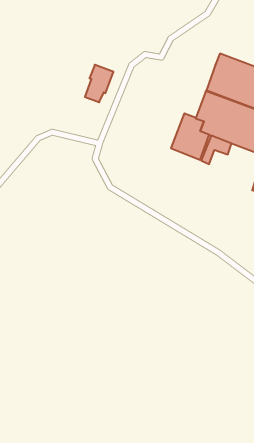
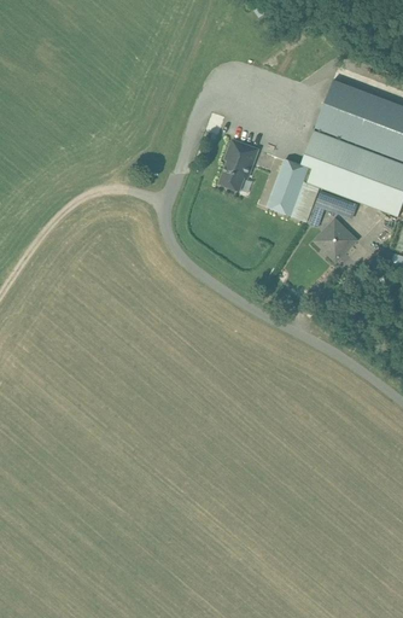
building: [85,65,114,102] -> [218,140,257,191]
building: none -> [313,218,356,262]

